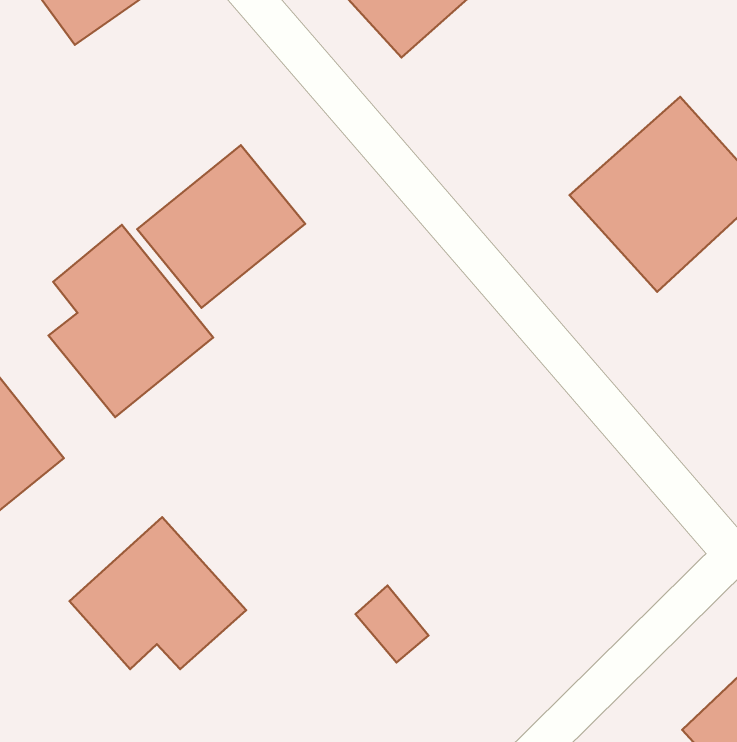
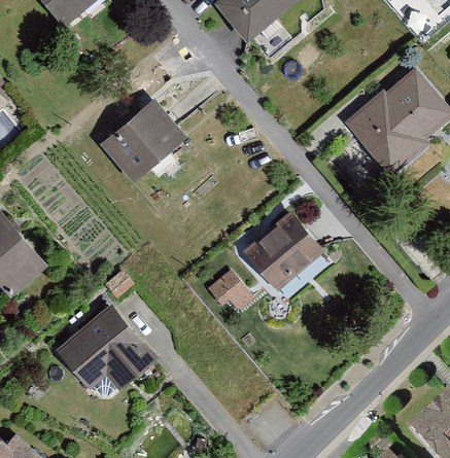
building: [48,225,213,417] -> none
building: none -> [242,205,330,290]
building: [355,586,429,662] -> [210,271,252,315]

